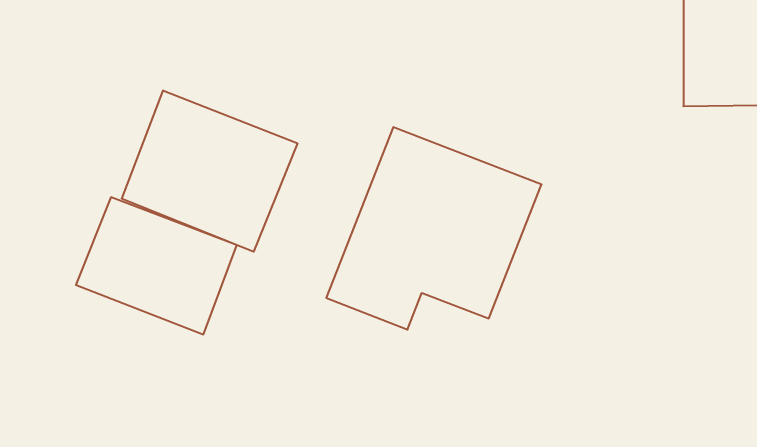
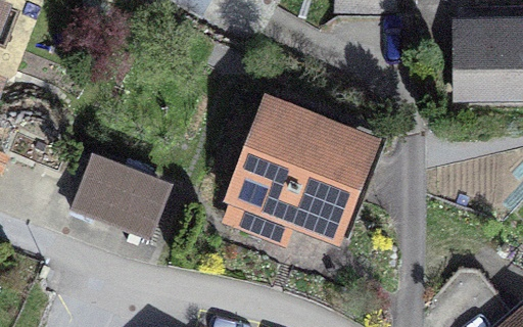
building: [122,90,297,252] -> none
building: none -> [272,95,386,238]

